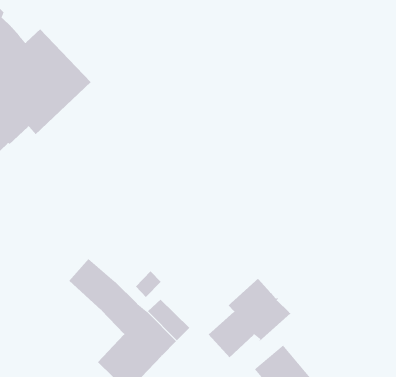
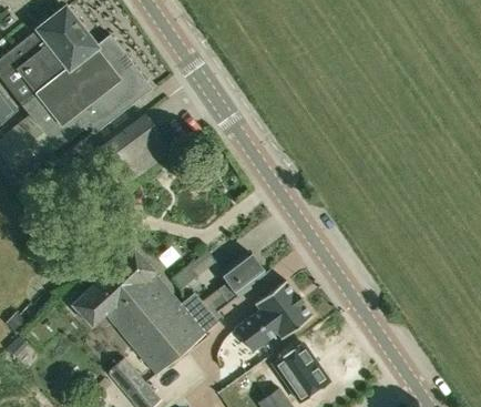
building: none -> [98,114,173,186]
building: none -> [214,252,265,309]
building: none -> [72,267,158,344]

